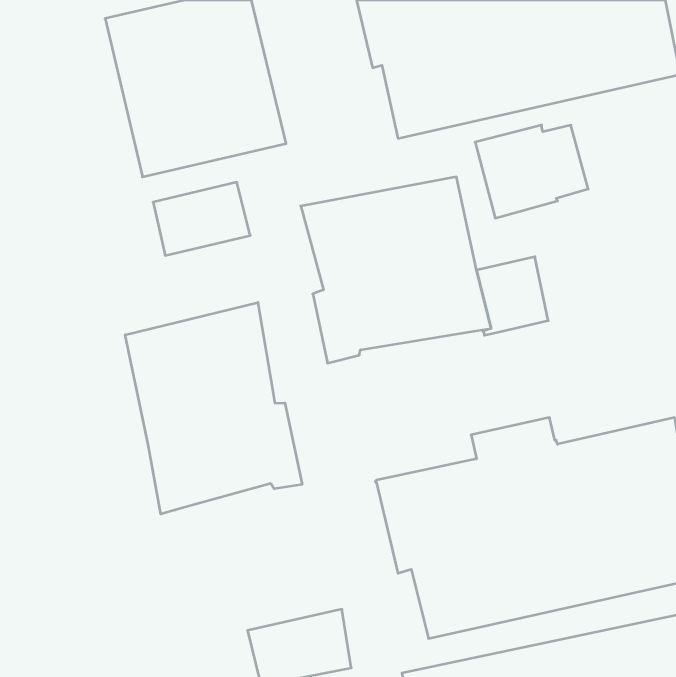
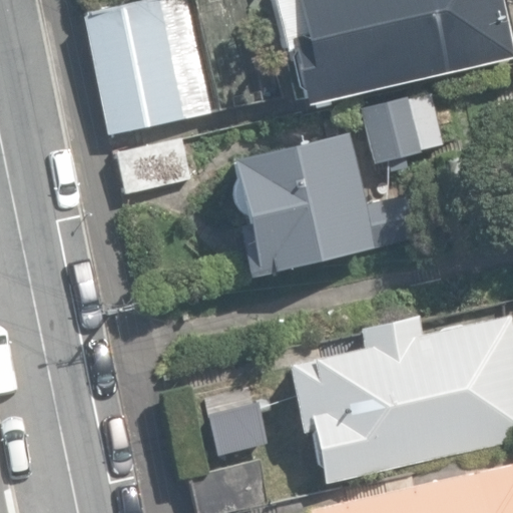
building: [125,302,302,514] -> none

